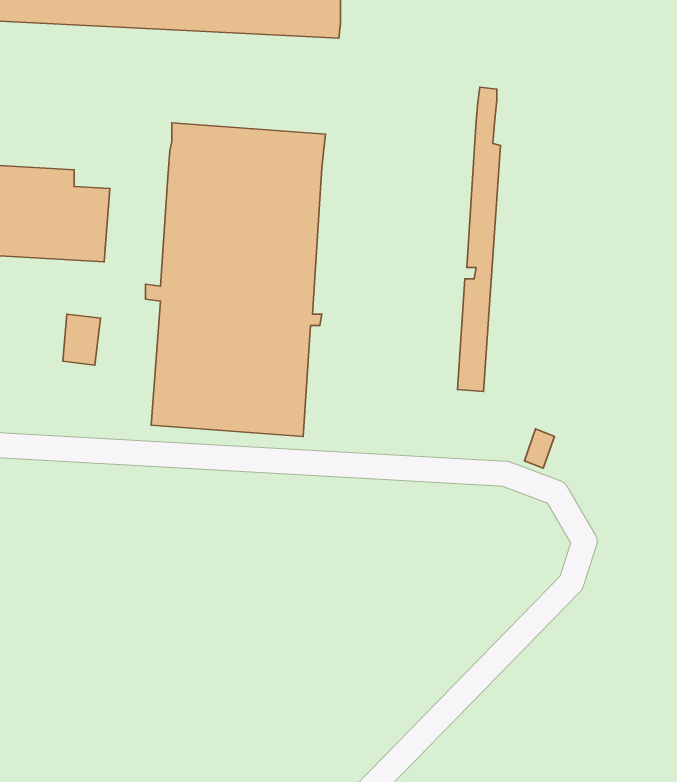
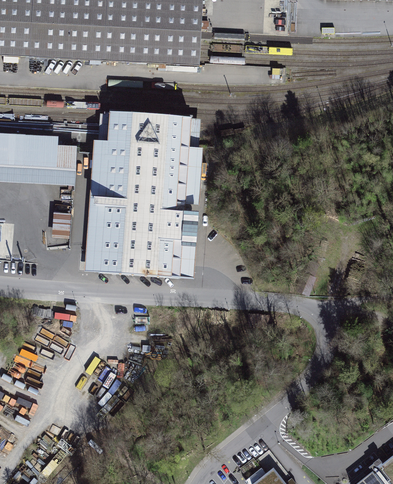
building: [457,87,500,391] -> [179,116,202,278]
building: none -> [84,138,107,271]

